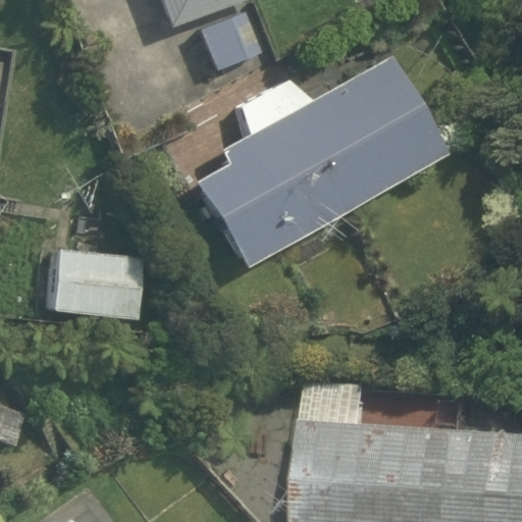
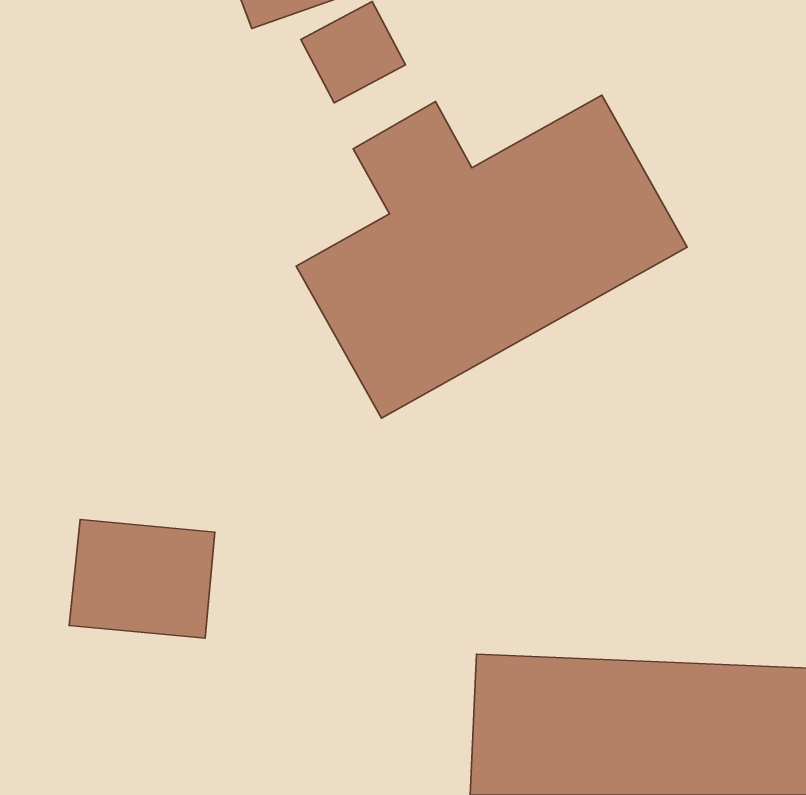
building: [49,245,143,321] -> [69,519,215,638]

